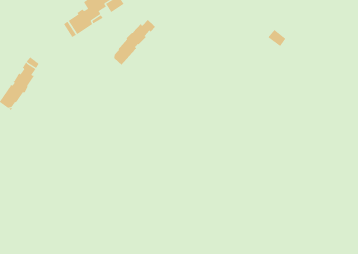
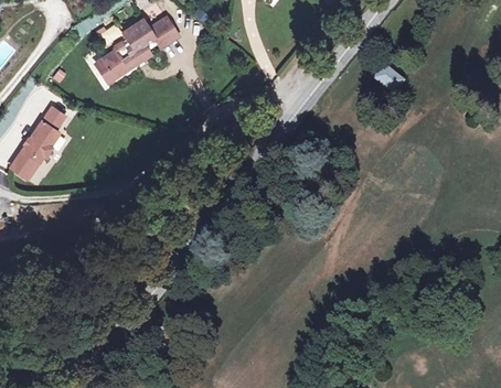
building: [114,19,156,66] -> none

